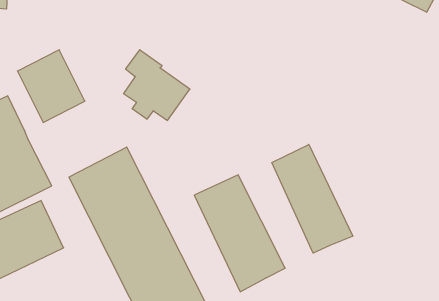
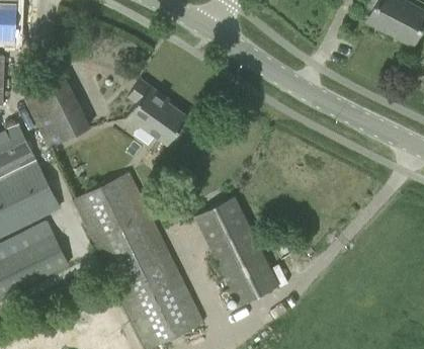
building: [272,144,353,253] -> none

